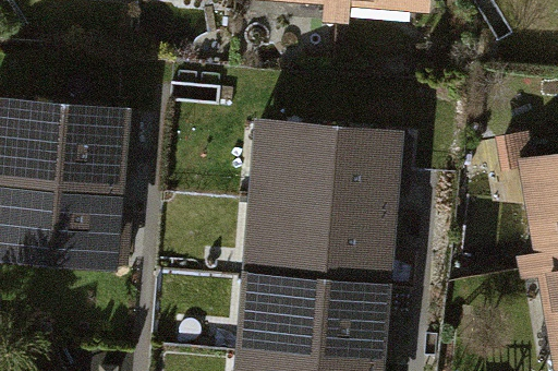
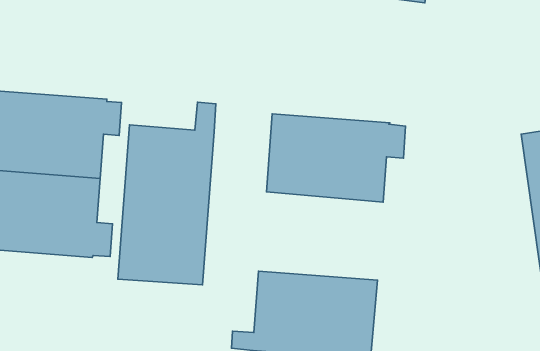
building: none -> [118,102,216,285]
building: [250,198,385,285] -> none

